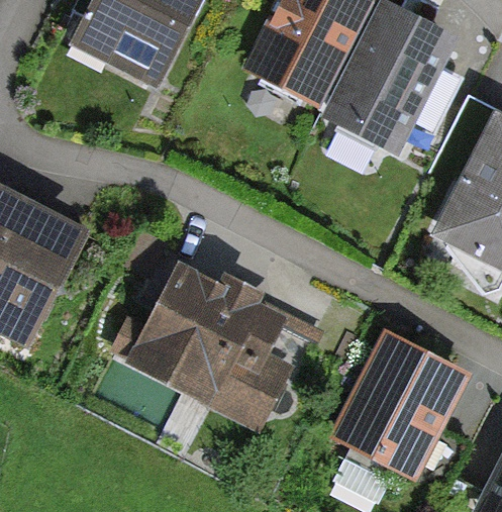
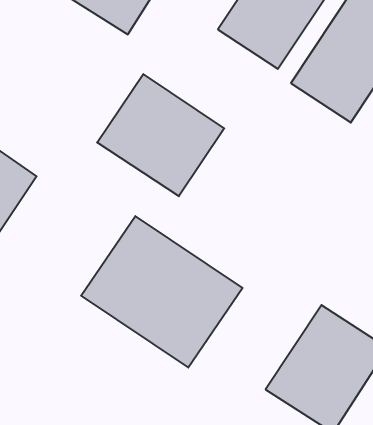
building: none -> [97,74,224,196]

